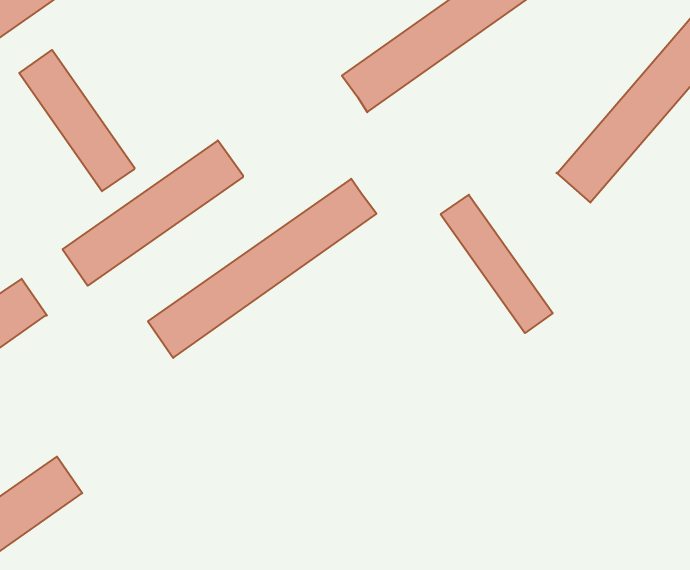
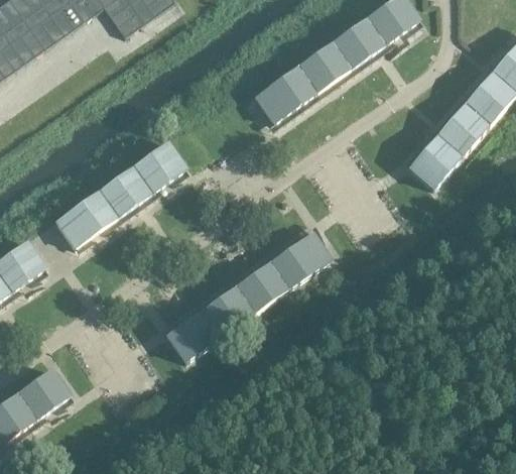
building: [19,50,135,191] -> none
building: [148,179,376,358] -> [167,232,331,360]
building: [441,195,553,333] -> none

